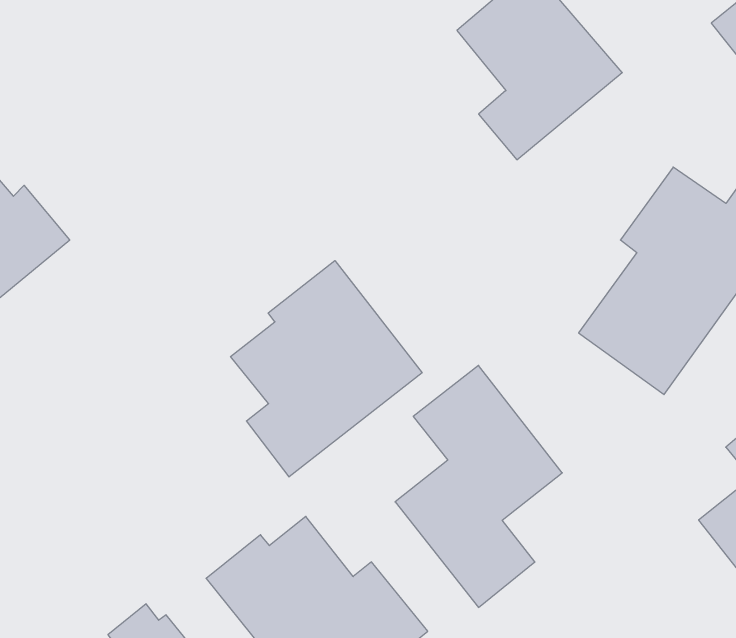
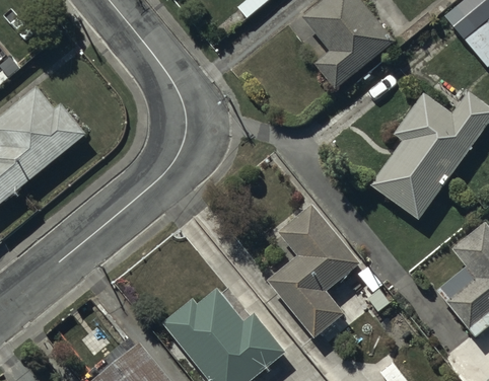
building: [231,261,422,477] -> none

